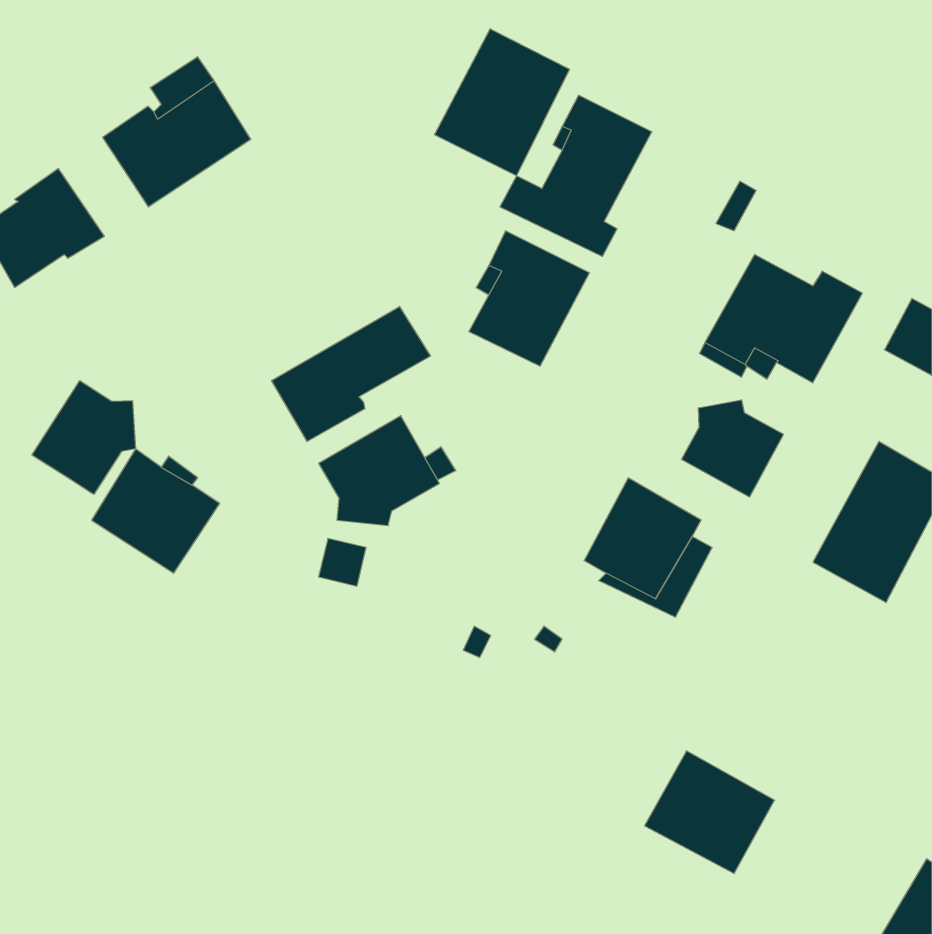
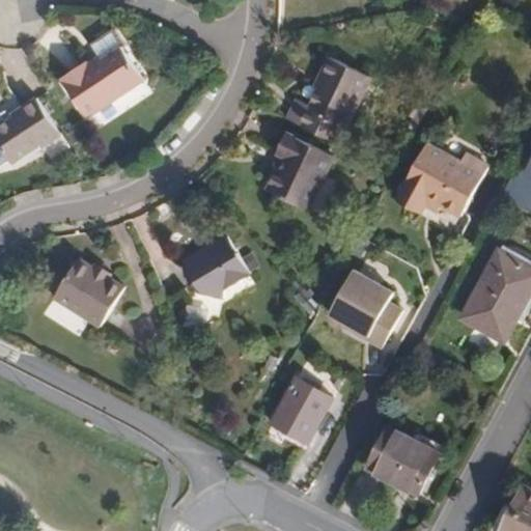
building: [434,29,569,176] -> none
building: [272,306,431,441] -> none
building: [32,381,135,494] -> none
building: [682,400,784,497] -> none
building: none -> [271,378,333,444]

